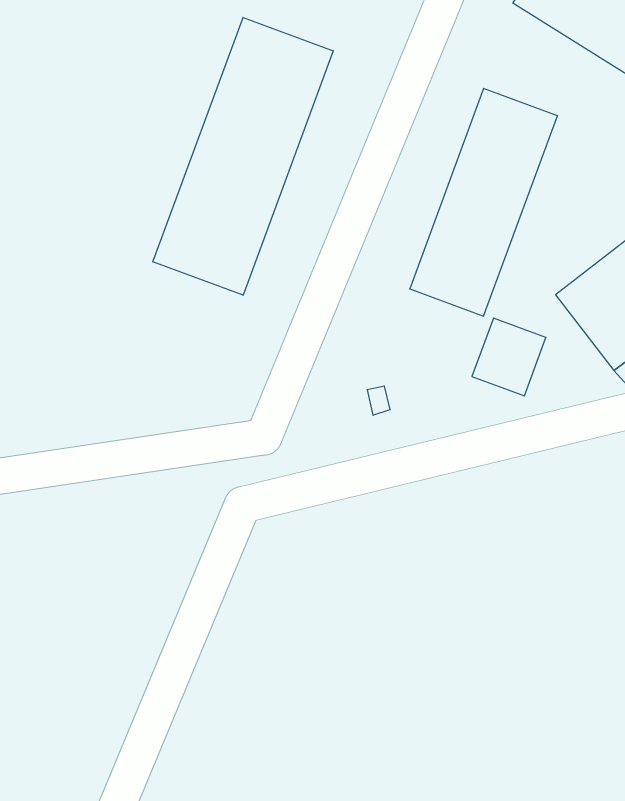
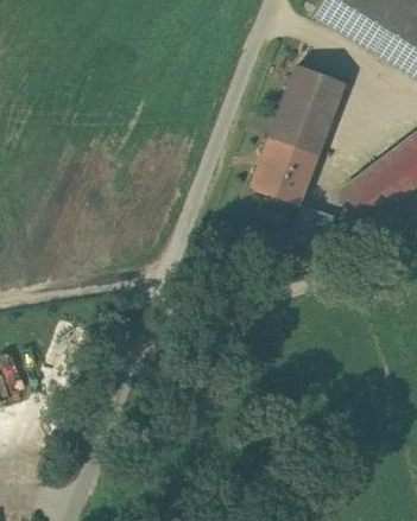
building: [153,17,333,295] -> none

